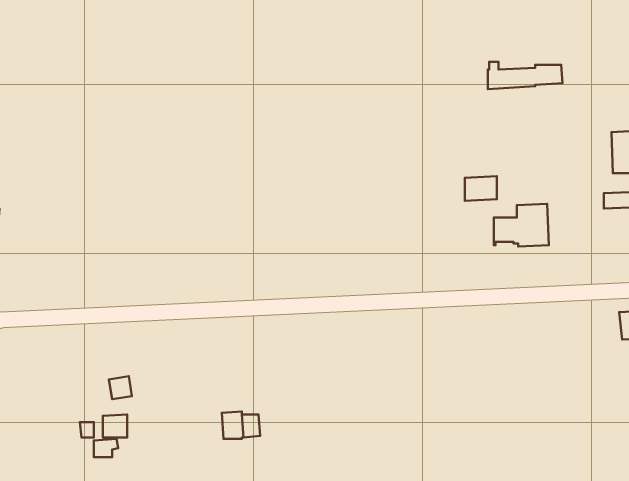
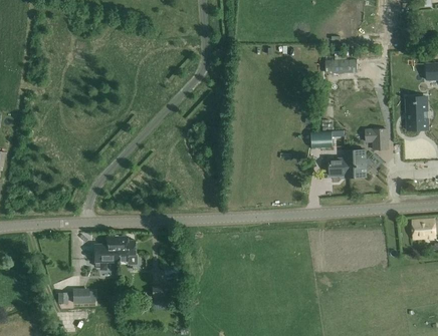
building: none -> [364,129,388,149]
building: none -> [92,237,137,267]

